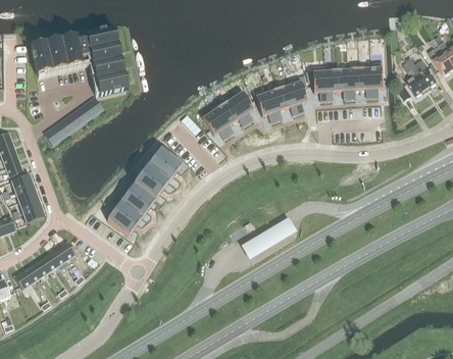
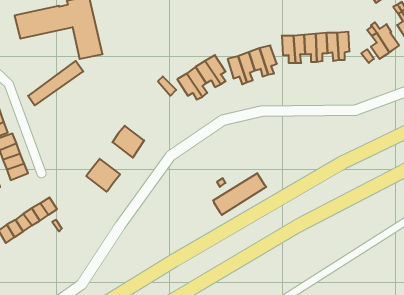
building: [147,143,182,181] -> none
building: [120,183,155,216] -> none

